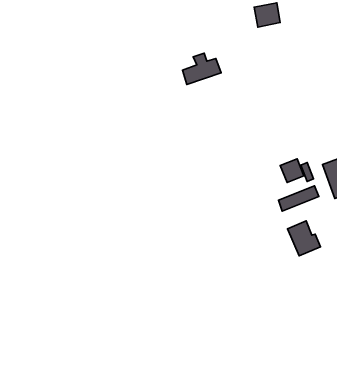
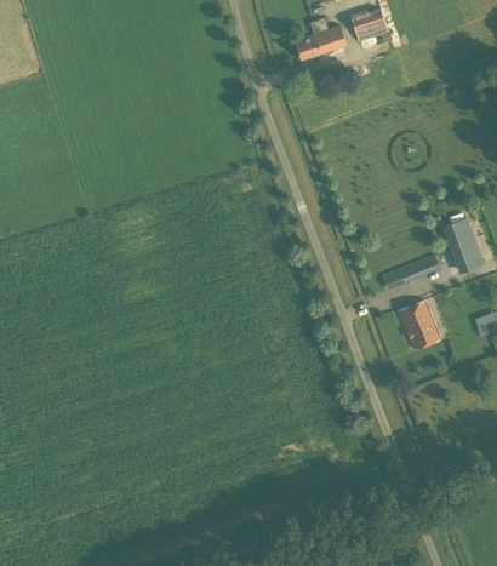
building: [183,53,221,85] -> [295,18,347,61]
building: [280,159,304,182] -> none

